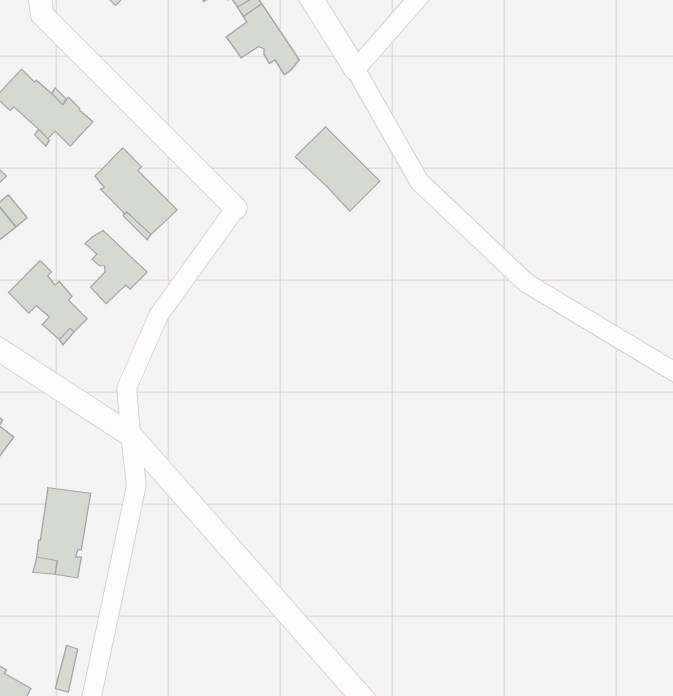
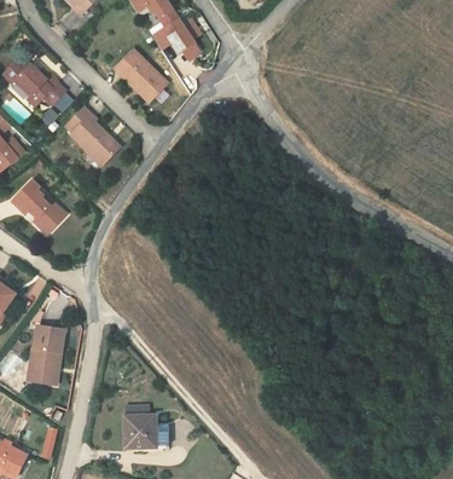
building: [295,127,380,211] -> [114,50,168,104]
building: [85,230,147,304] -> none
building: none -> [123,405,157,449]

